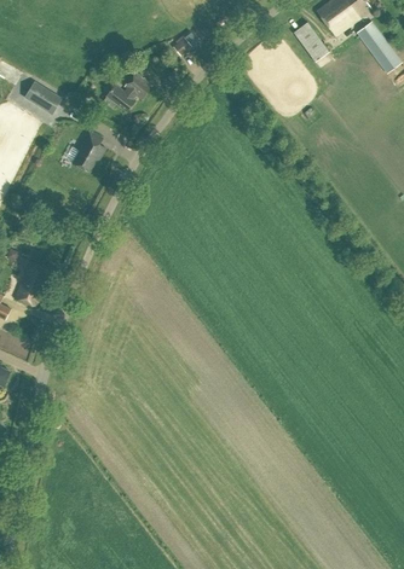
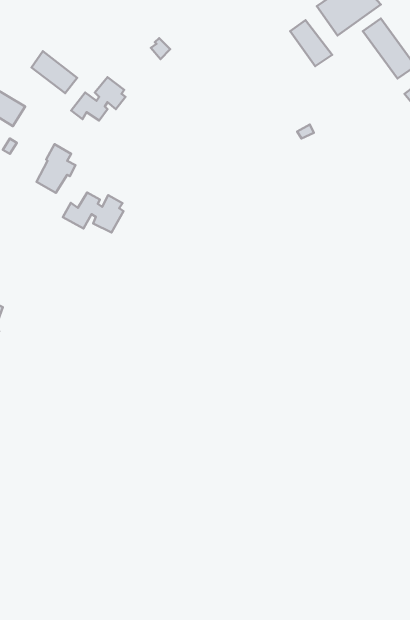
building: none -> [31,51,77,93]
building: none -> [63,193,124,233]

